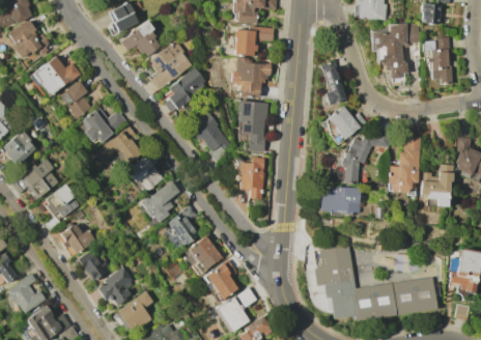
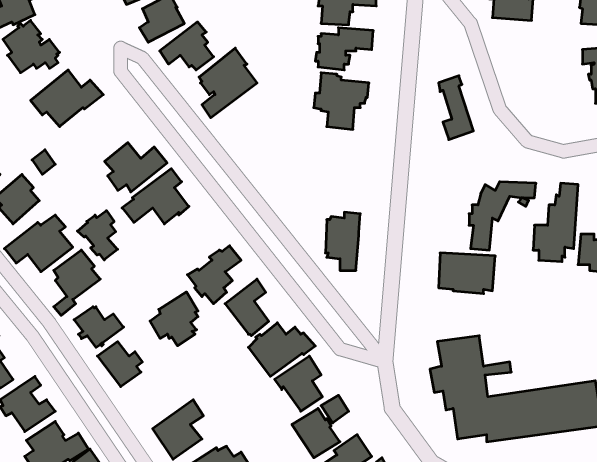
building: [371,22,420,78] -> none
building: [165,67,206,112] -> none
building: [59,80,91,118] -> none
building: [238,101,268,151] -> none
building: [327,105,366,144] -> none
building: [190,112,230,161] -> none
building: [128,151,164,191] -> none
building: none -> [77,211,118,260]
building: [97,266,132,305] -> [150,292,198,346]

